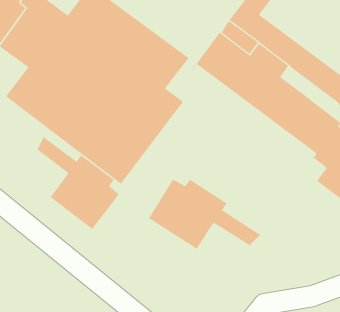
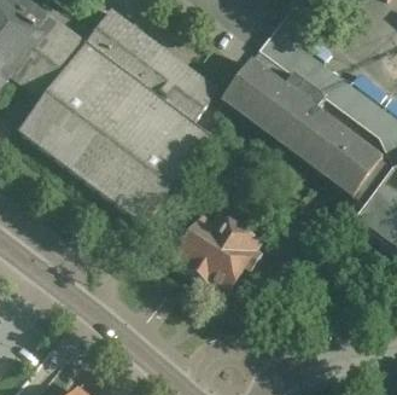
building: [37,136,120,230] -> none

